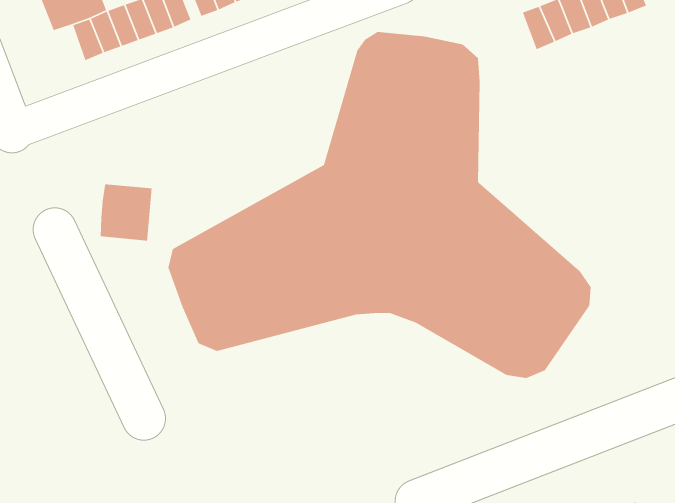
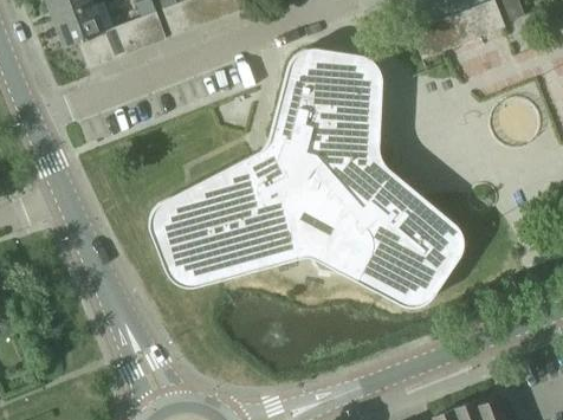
building: [100,183,152,241] -> none

